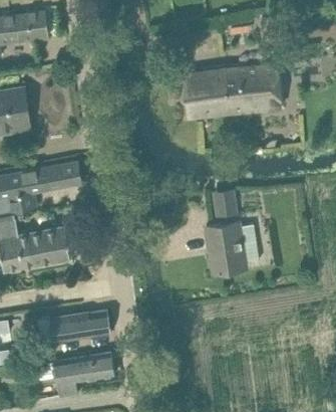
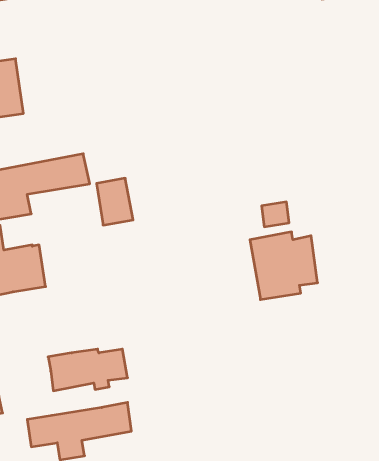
building: [183,64,284,117] -> none
building: [43,227,71,263] -> [97,178,133,225]

